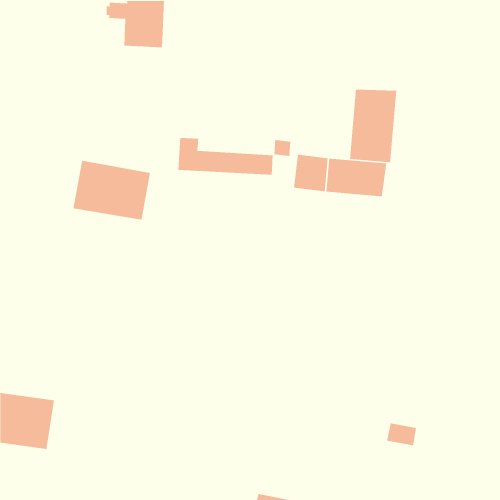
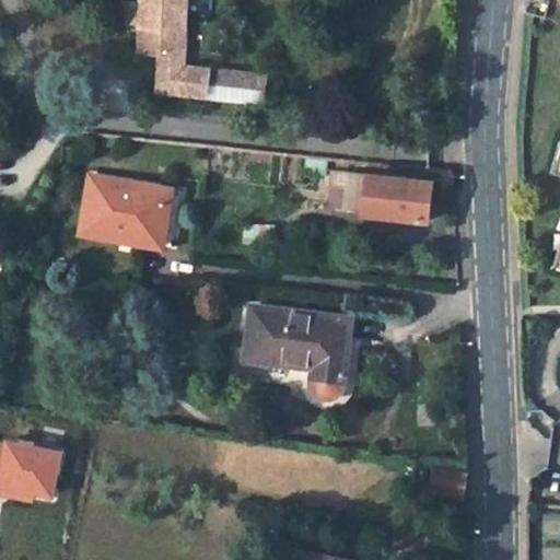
building: [349,89,397,163] -> none
building: [177,137,274,175] -> [158,54,265,96]
building: none -> [244,308,350,396]

